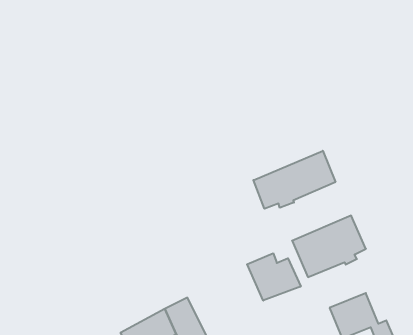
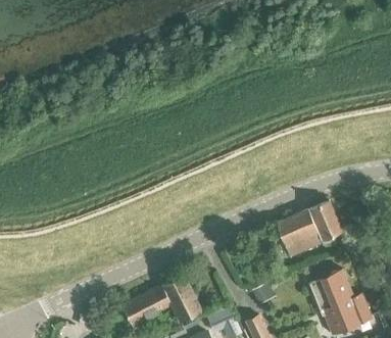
building: [253,151,335,209] -> none
building: [247,253,301,301] -> none

